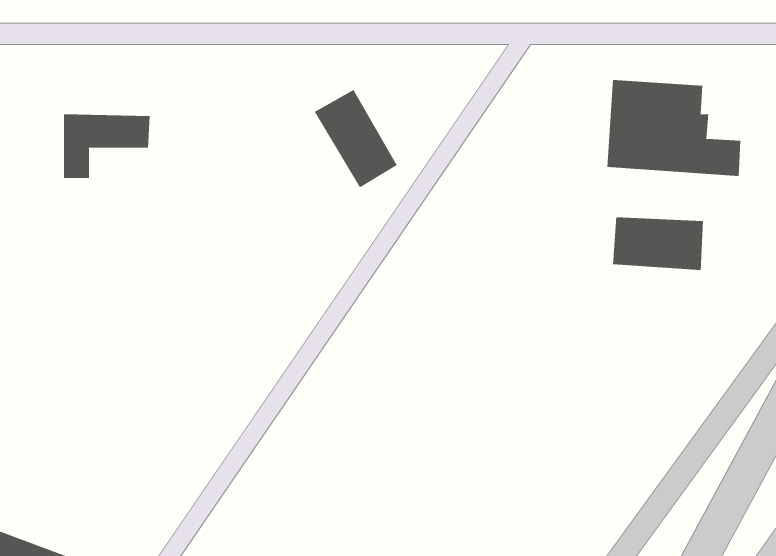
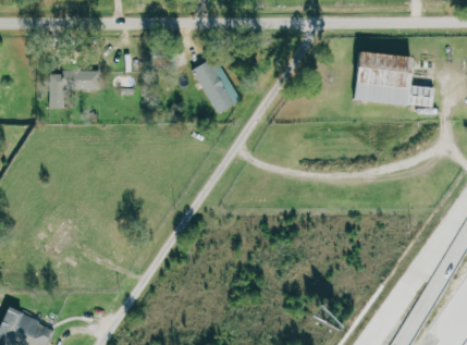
building: [613,216,703,271] -> none

